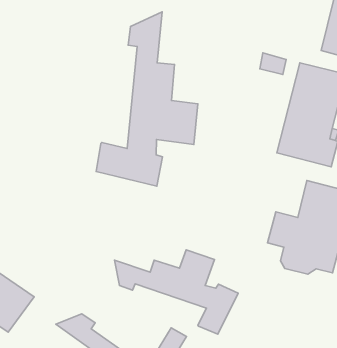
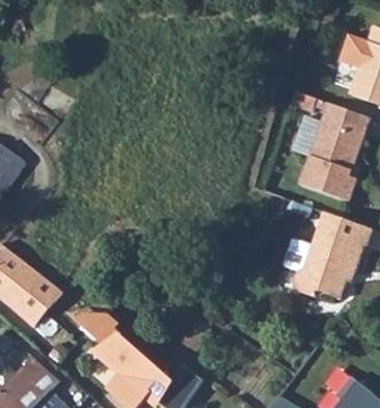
building: [96,12,198,186] -> none
building: [114,250,238,334] -> none

